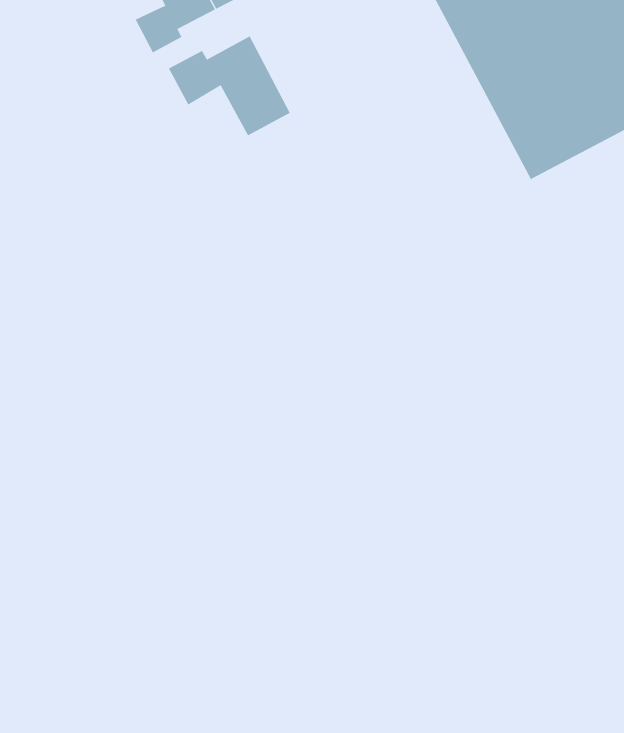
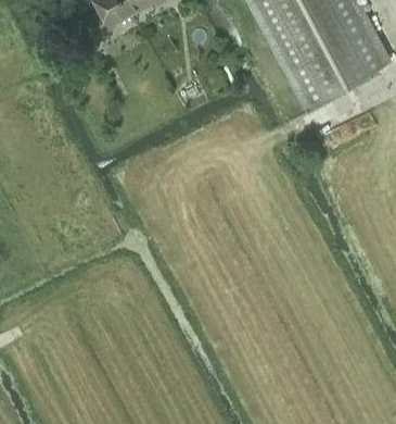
building: [168,36,291,136] -> none

